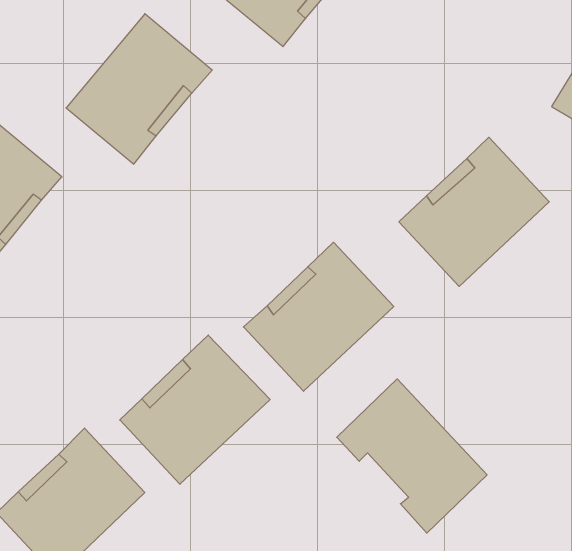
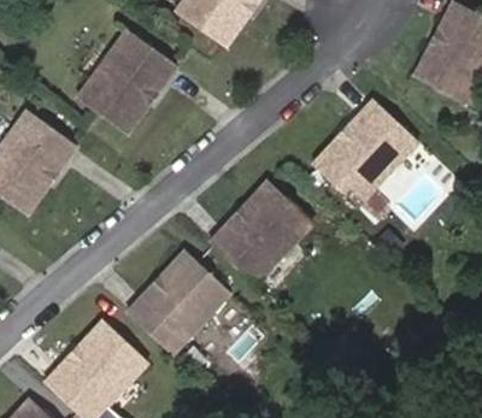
building: [337,379,487,533] -> none

